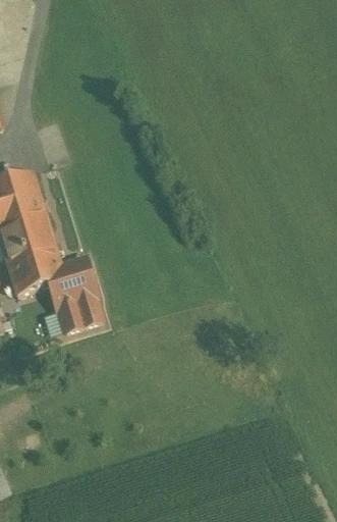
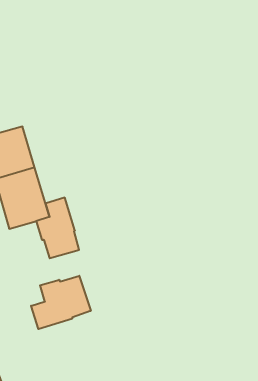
building: none -> [31,276,91,329]

